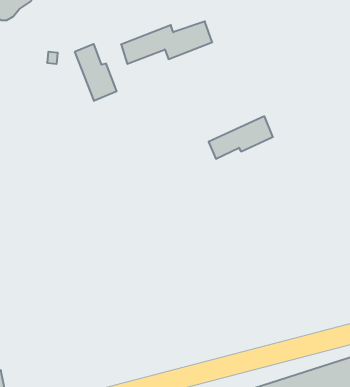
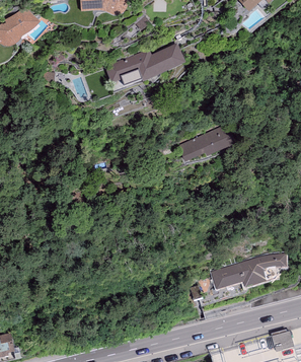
building: [75,44,117,101] -> none
building: none -> [208,252,282,290]

